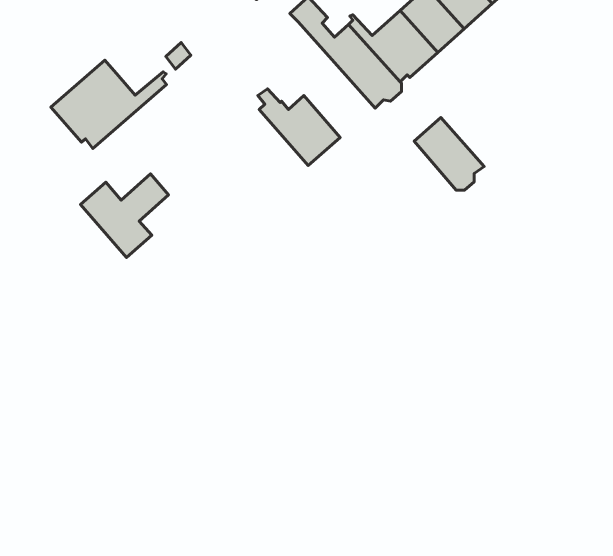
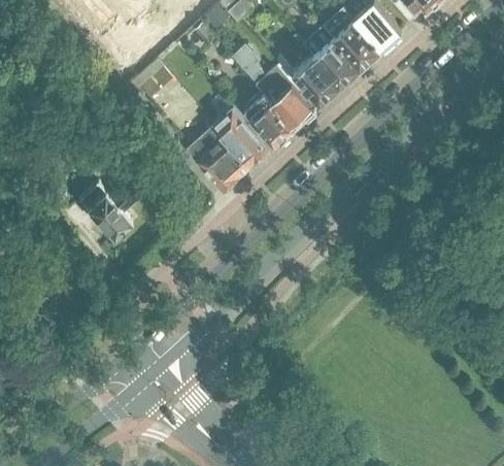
building: [51,60,167,149] -> none
building: none -> [187,128,246,191]
building: [414,118,484,190] -> [244,91,296,144]

